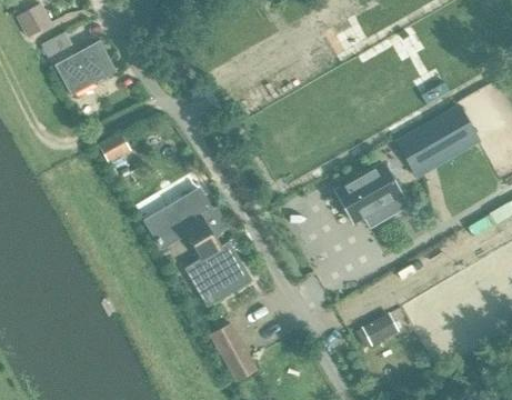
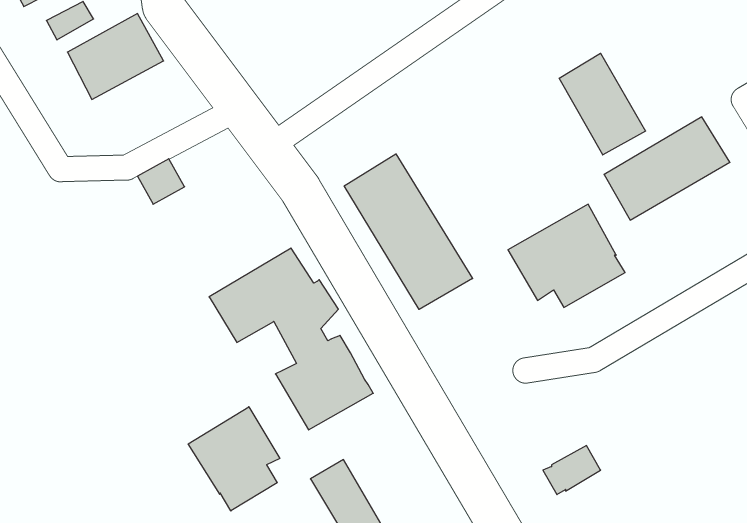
building: none -> [559,53,646,155]
building: none -> [344,154,473,309]
building: none -> [188,407,280,511]

